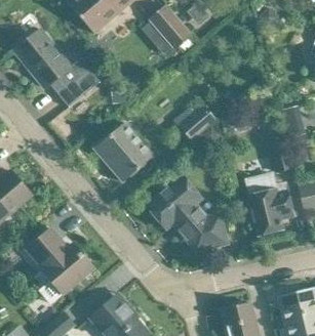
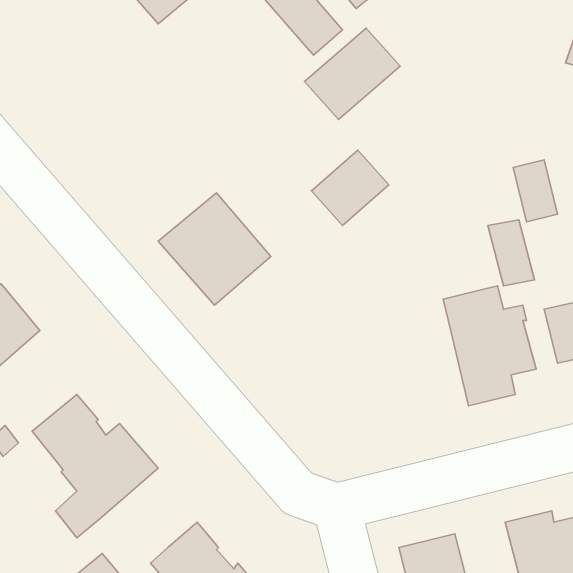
building: [15,29,101,107] -> none
building: none -> [305,28,400,120]
building: [147,175,227,250] -> none

